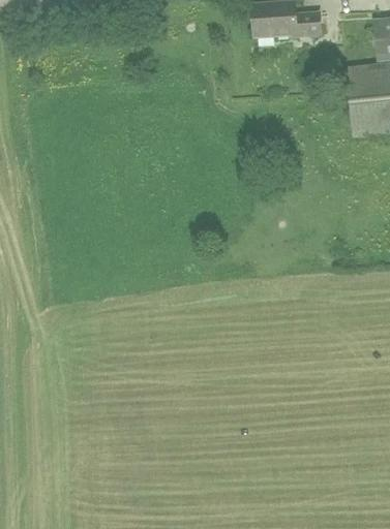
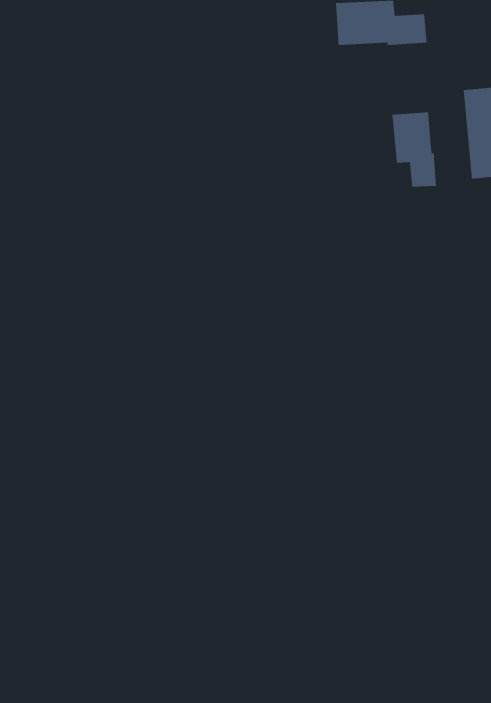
building: none -> [392,111,437,187]

